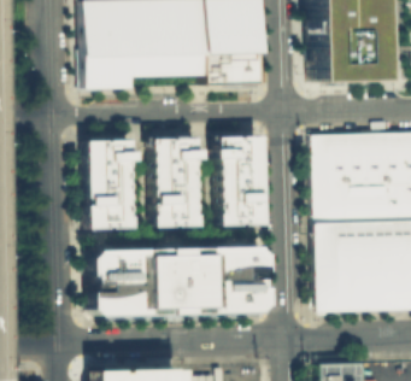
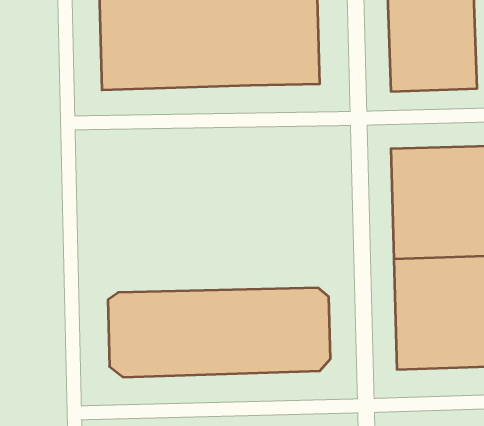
building: [219,136,266,227] -> none
building: [155,139,201,227] -> none
building: [89,140,135,229] -> none

